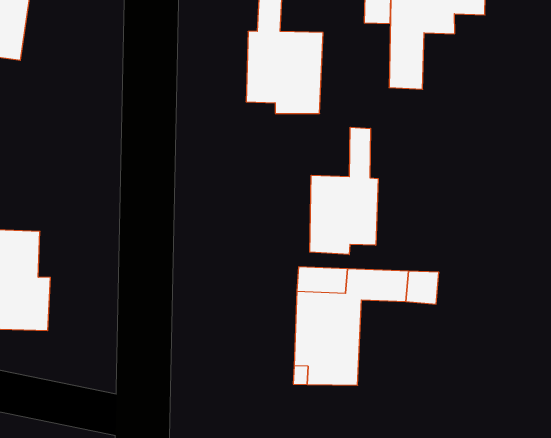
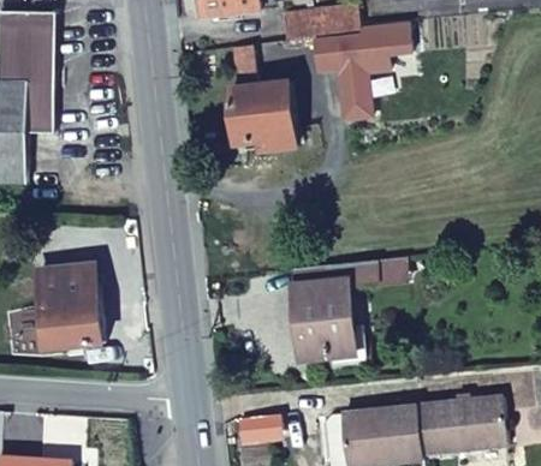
building: [310,127,378,255] -> none

